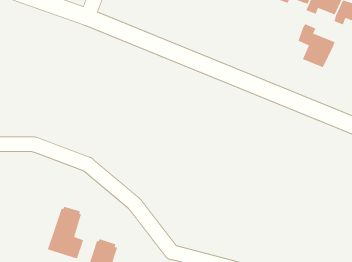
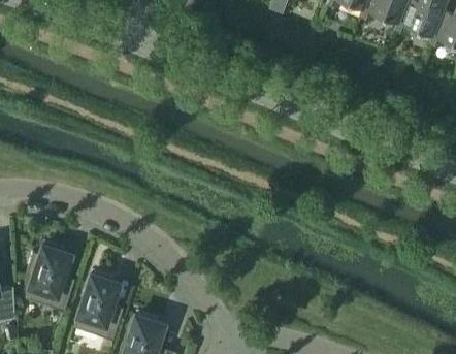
building: [297,23,336,68] -> none
building: none -> [26,243,72,310]

